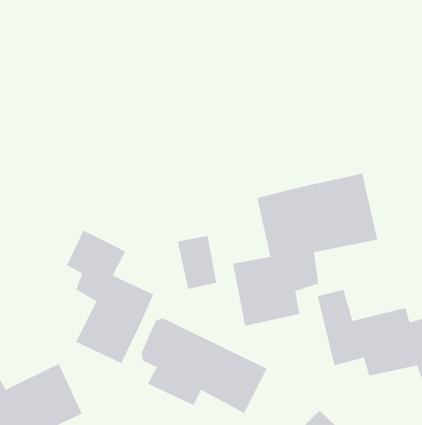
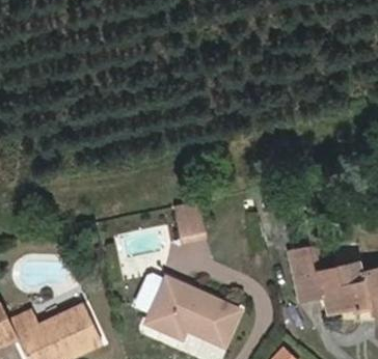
building: [233,173,378,327] -> none
building: [66,230,154,364] -> none

